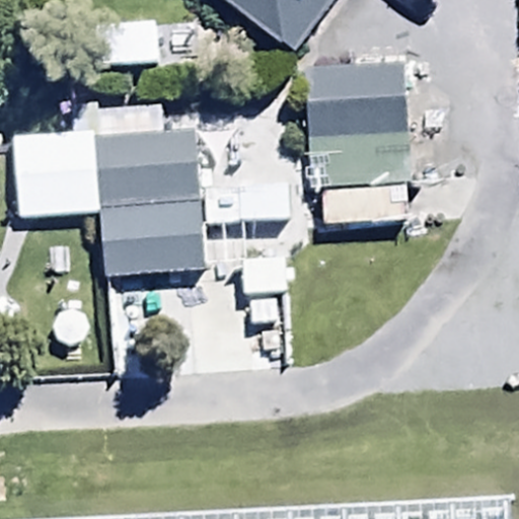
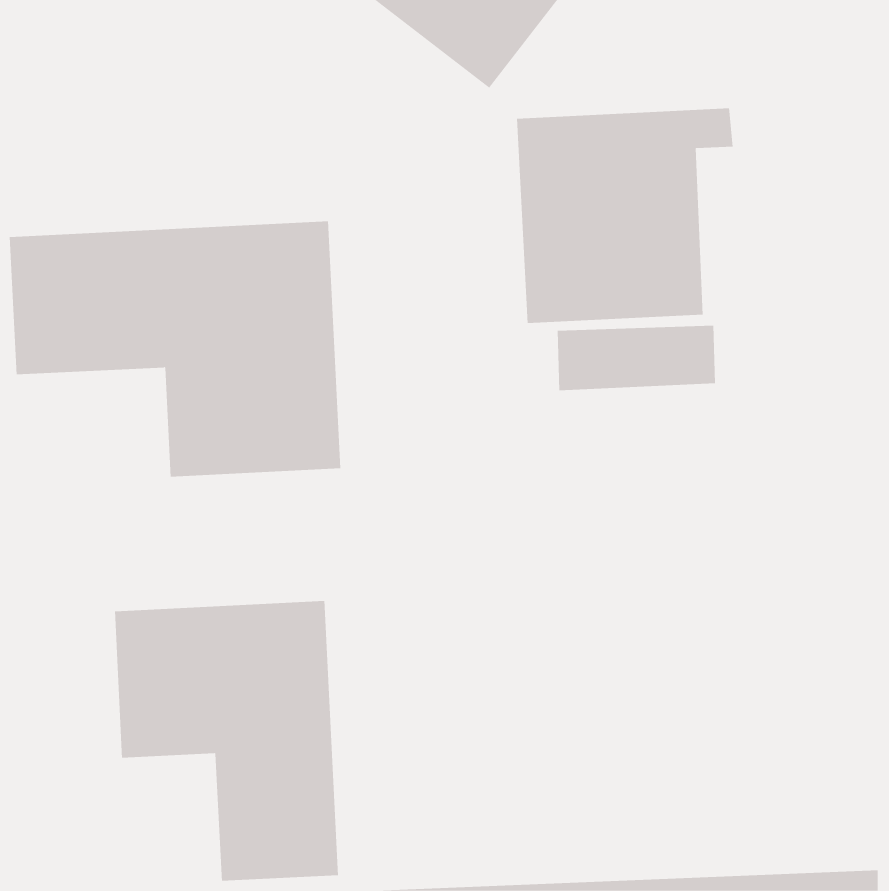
building: none -> [114,600,339,882]

